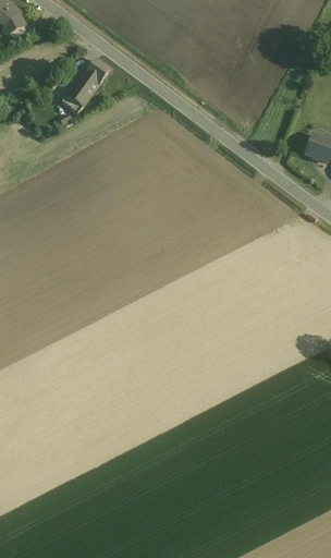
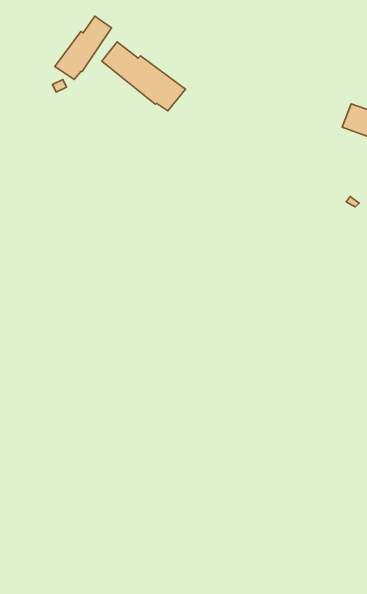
building: none -> [102,42,186,111]

